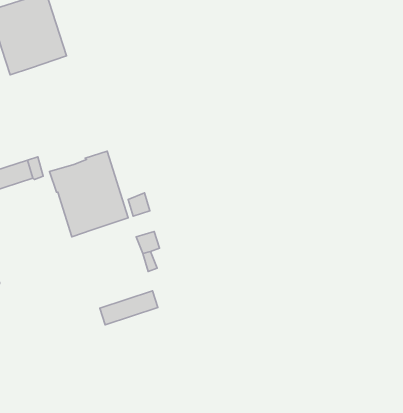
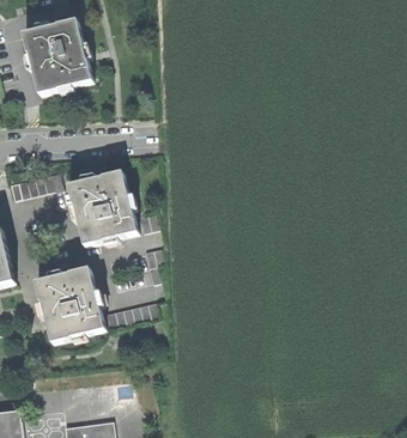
building: none -> [35,268,103,342]

